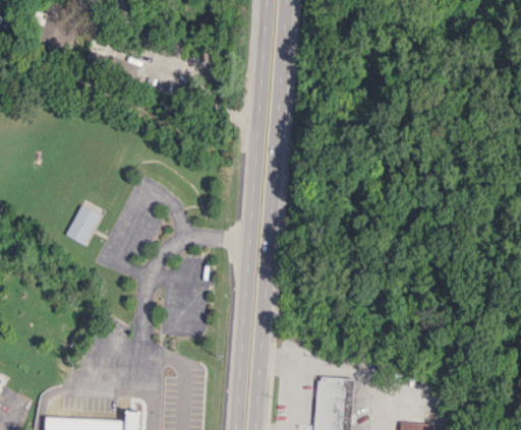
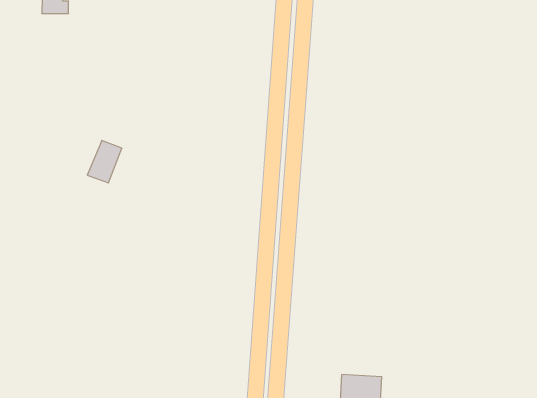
building: [66,205,98,244] -> [87,140,122,183]

